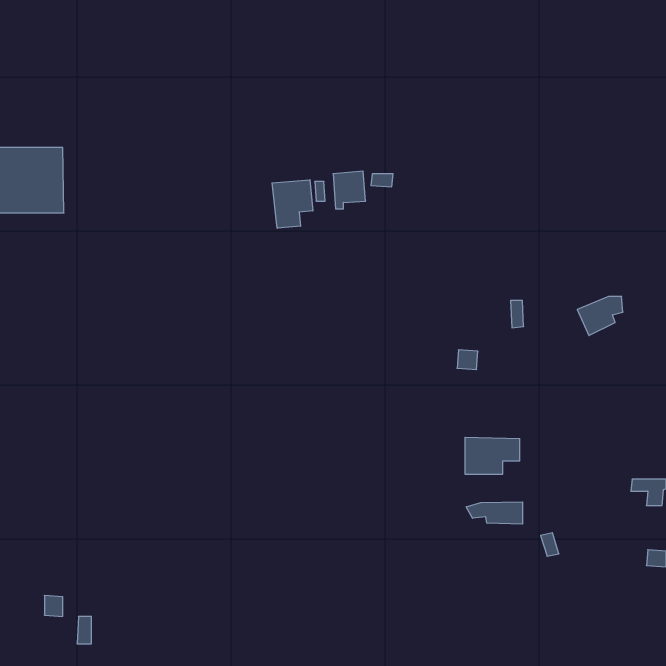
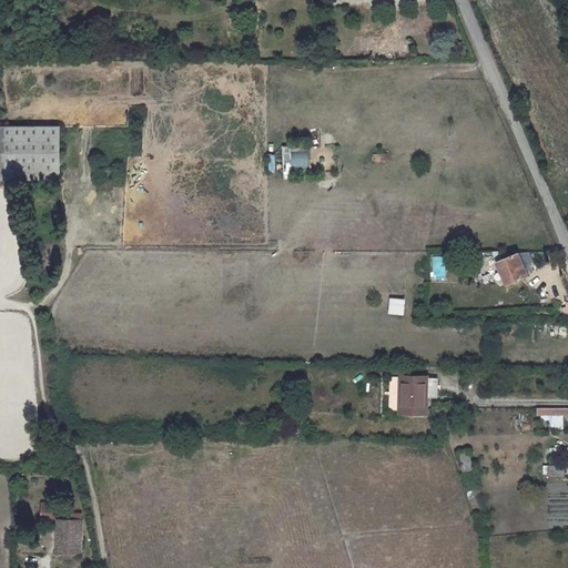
building: [272,180,313,228] -> none
building: [466,502,523,524] -> none

